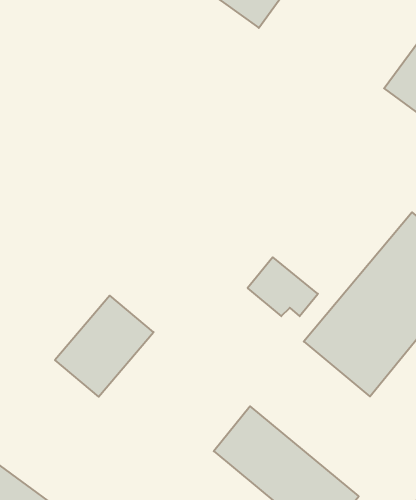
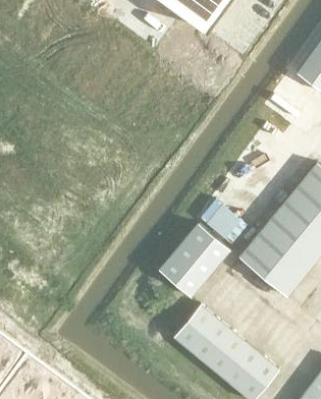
building: [55,296,154,397] -> [158,224,229,297]

